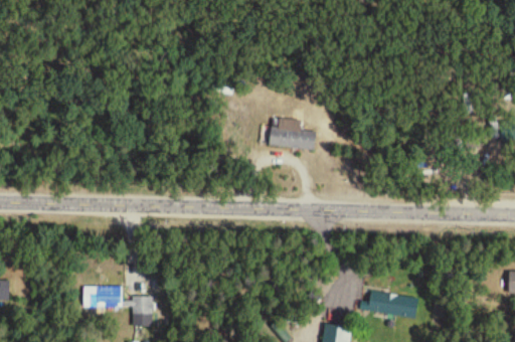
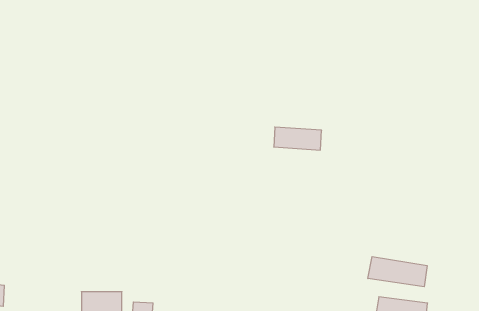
building: none -> [368,257,427,287]

